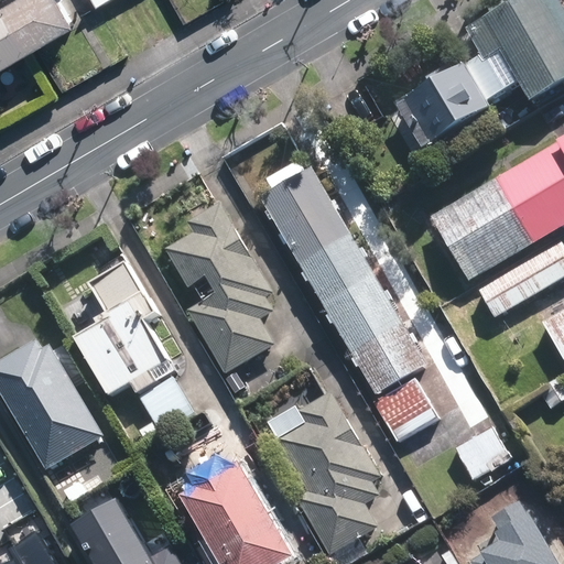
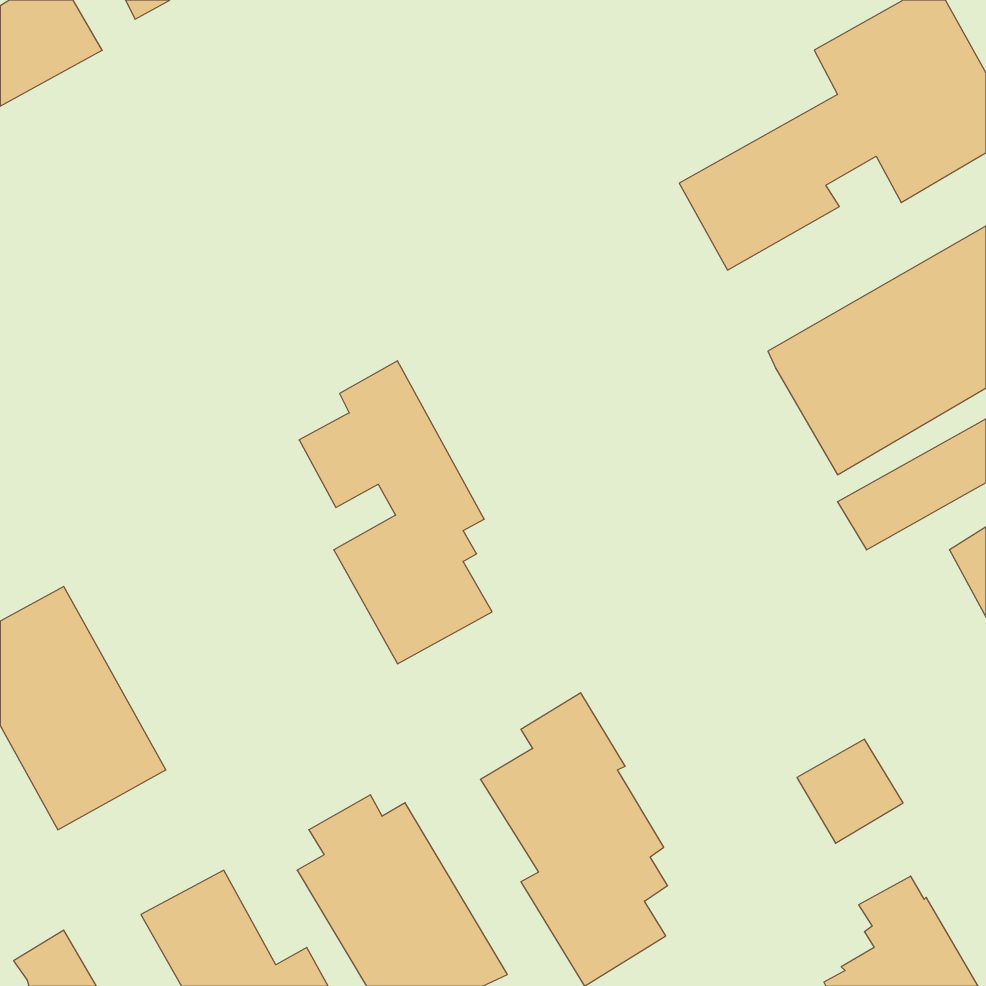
building: [260,163,429,391] -> none
building: [65,275,187,434] -> none
building: [380,372,447,440] -> none

